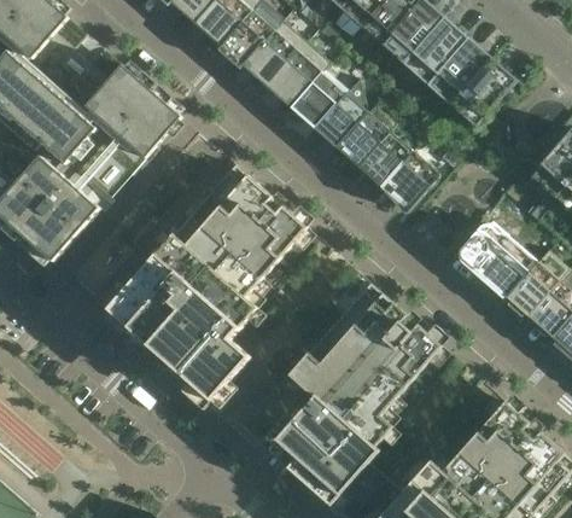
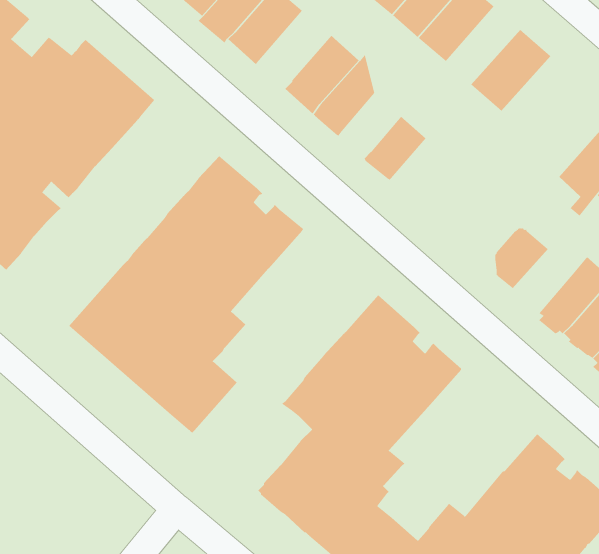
building: [426,37,489,104] -> none
building: [264,41,328,107] -> none
building: [334,105,393,167] -> none
building: [378,150,434,208] -> none
building: [483,244,535,298] -> none

